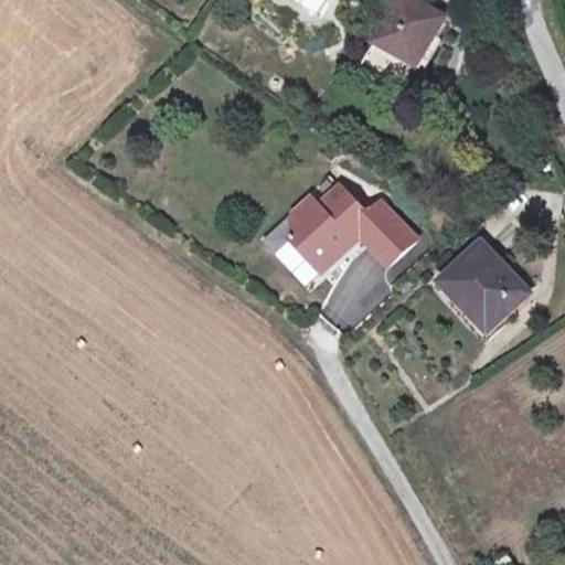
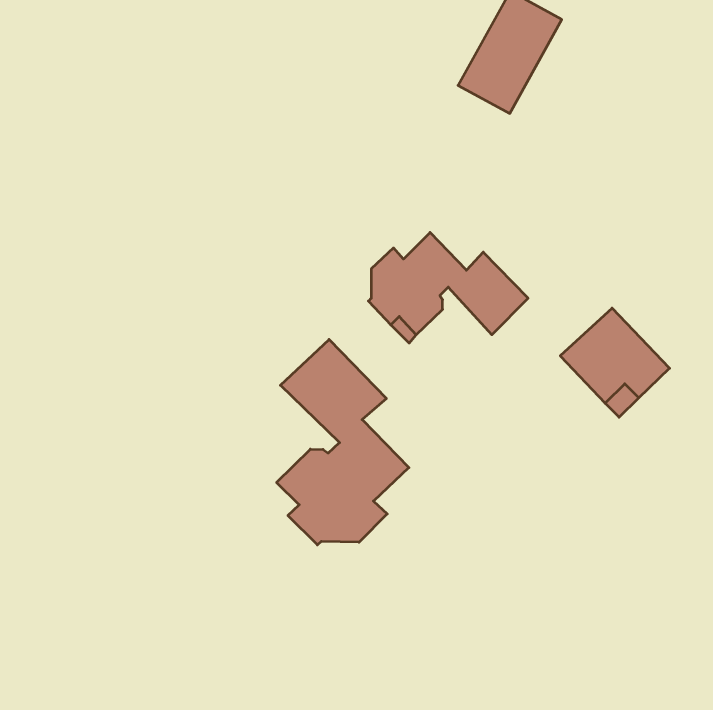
building: none -> [277,339,409,545]

